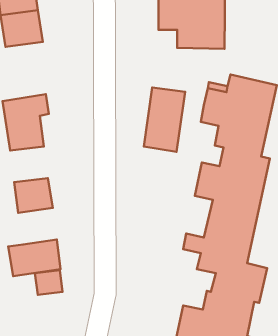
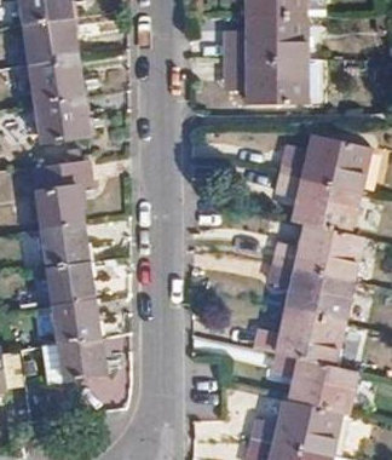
building: none -> [36,94,87,140]
building: [144,88,185,152] -> none
building: none -> [42,223,88,266]
building: none -> [52,298,99,343]

